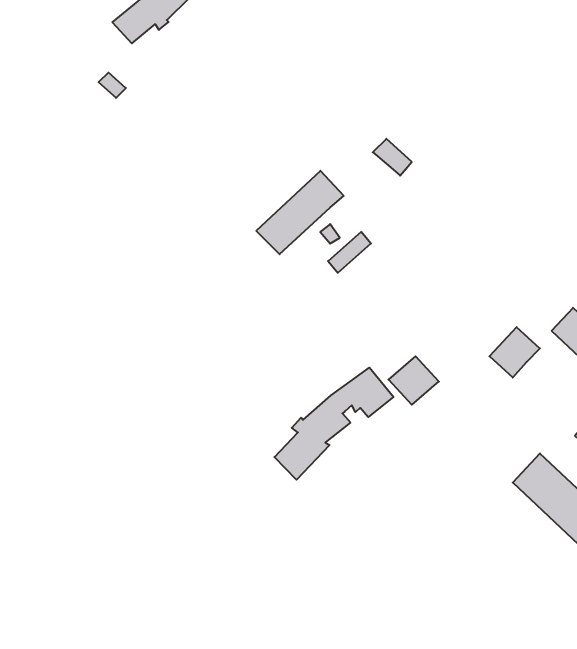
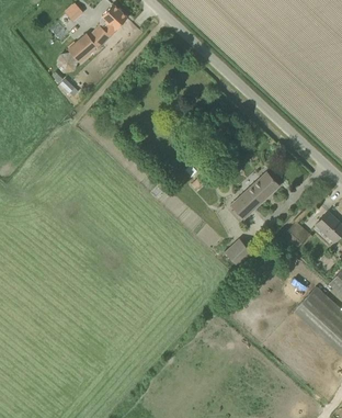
building: [256,171,344,254] -> [230,171,280,218]
building: [274,368,393,480] -> none

